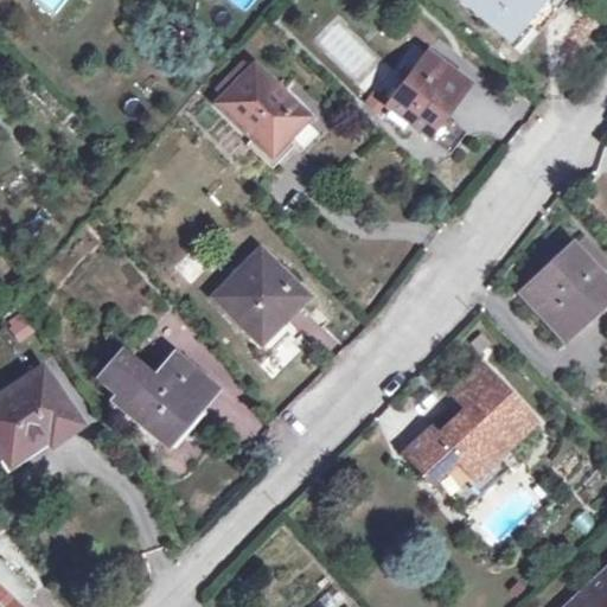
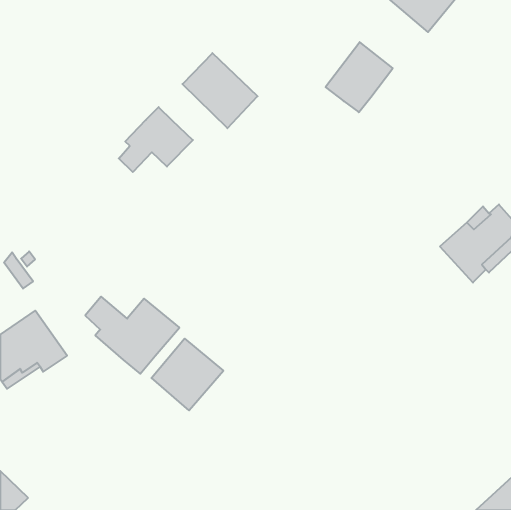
building: none -> [119,107,193,172]
building: [215,250,304,356] -> none
building: [404,364,531,505] -> none
building: none -> [151,339,223,410]

